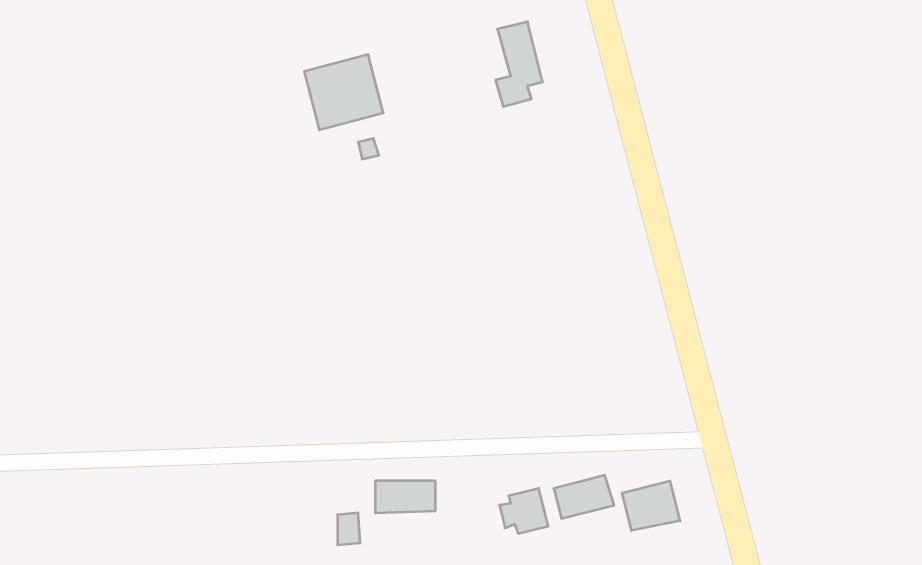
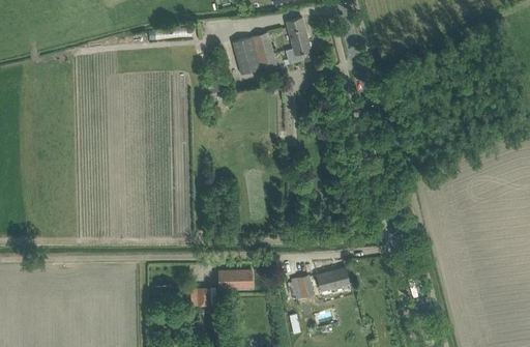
building: [304,55,383,130] -> [233,33,276,75]
building: [622,481,680,531] -> none

